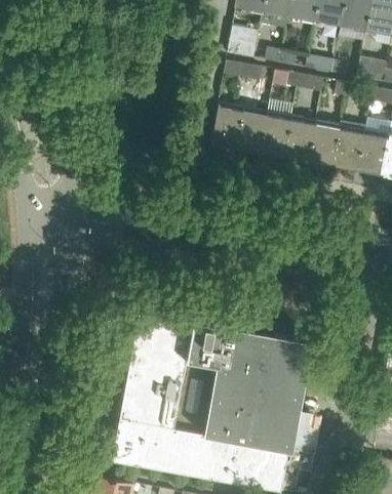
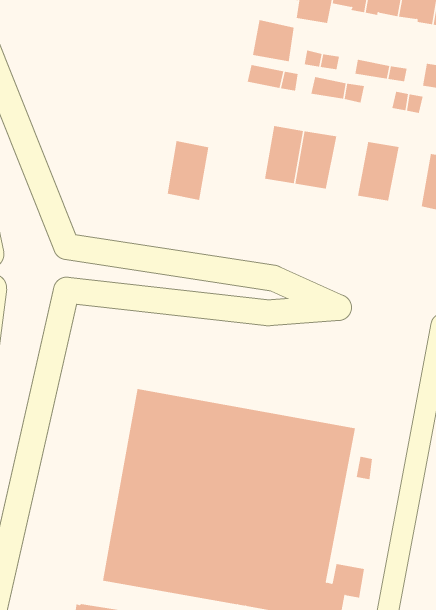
building: [210,102,243,149] -> [167,141,209,200]
building: [284,116,316,162] -> none
building: [332,124,364,170] -> none

